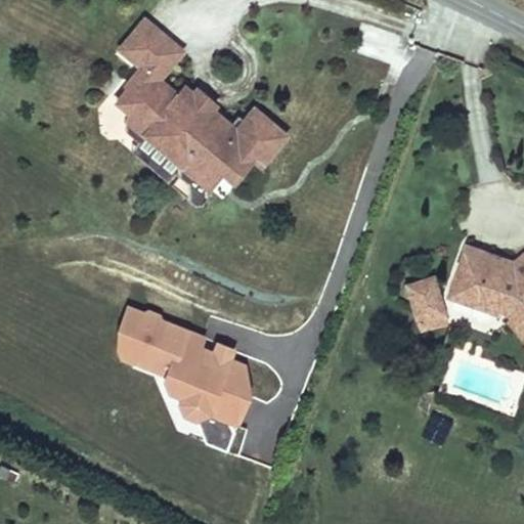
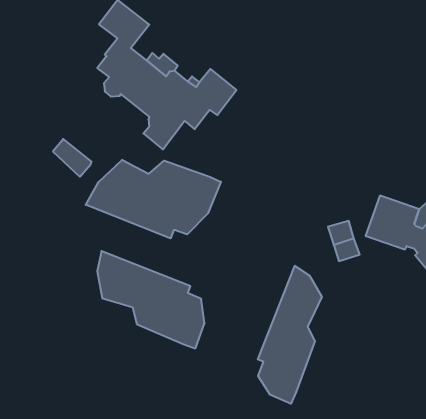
building: [138,127,185,173] -> [53,139,92,177]
building: none -> [86,160,221,238]
building: none -> [258,266,322,404]

